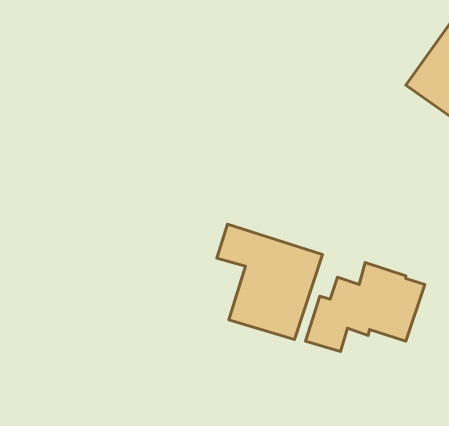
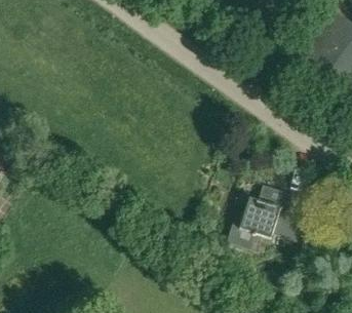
building: [217,224,322,339] -> none

